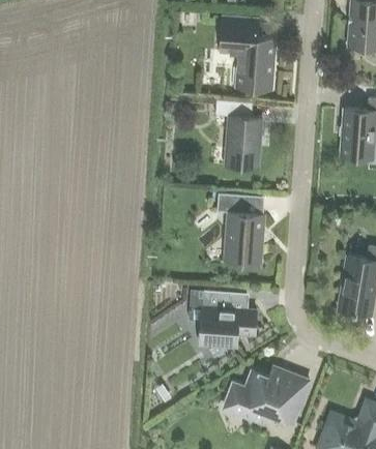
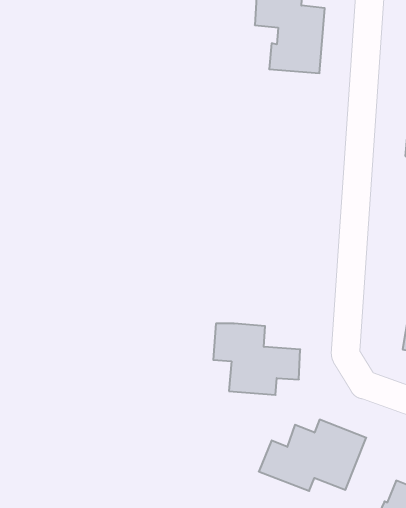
building: [214,100,261,172] -> none
building: [216,193,264,264] -> none

